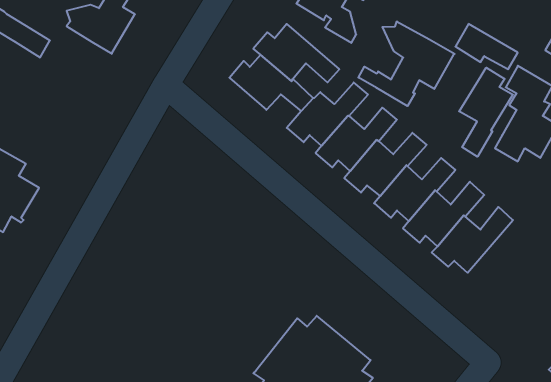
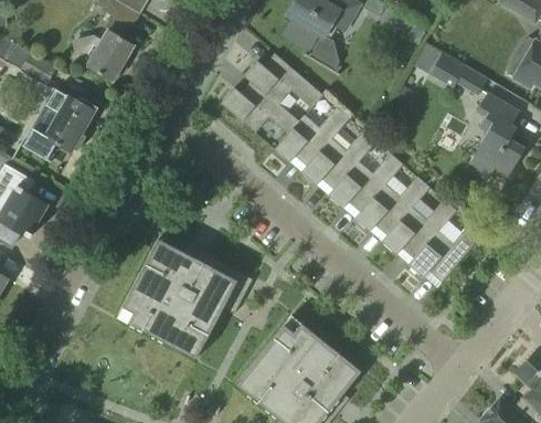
building: [358,21,455,106] -> none
building: none -> [22,88,97,162]
building: [459,68,513,157] -> none
building: none -> [123,244,252,353]

